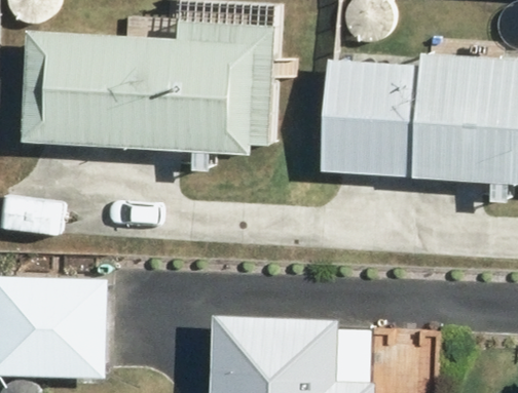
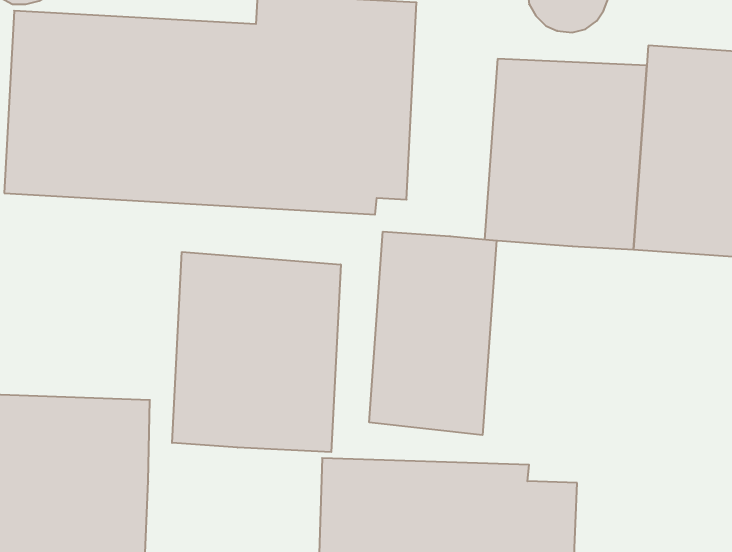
building: none -> [369,232,496,435]
building: none -> [172,252,341,452]

